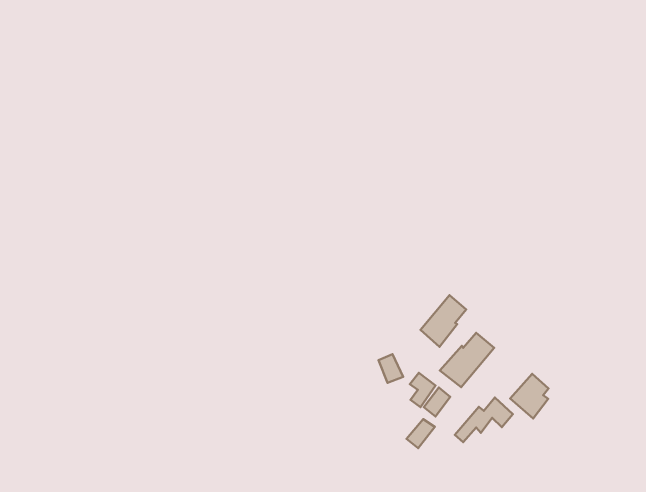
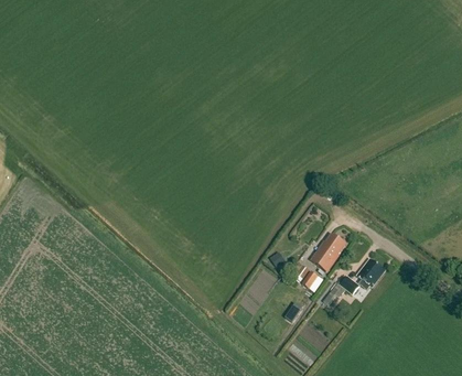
building: [421,295,466,347] -> none

